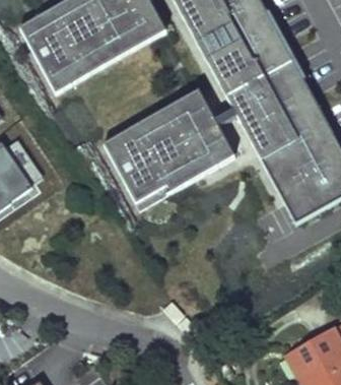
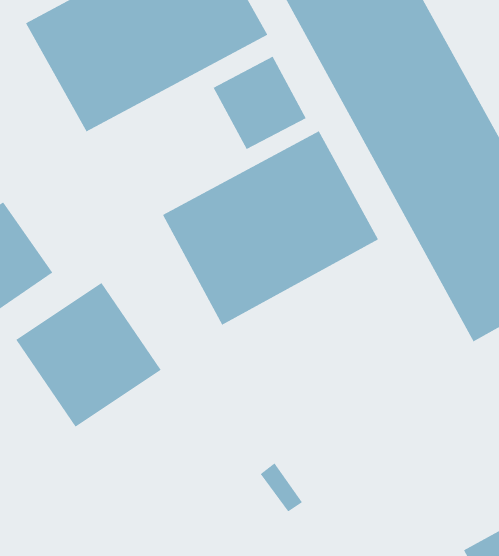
building: none -> [213,56,307,150]
building: none -> [16,282,162,428]

